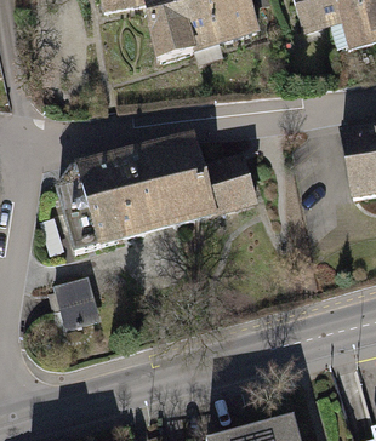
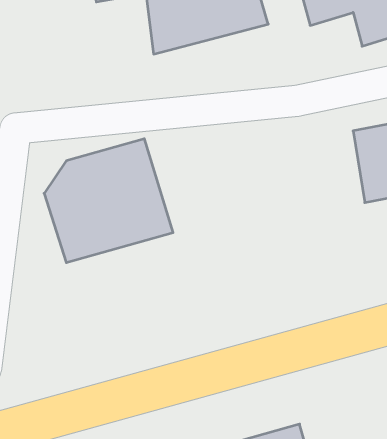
building: [146,130,256,230] -> none
building: [47,271,99,328] -> none

